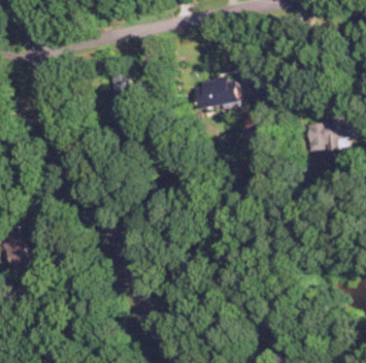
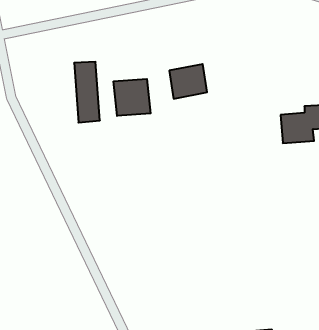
building: none -> [114,79,151,116]

